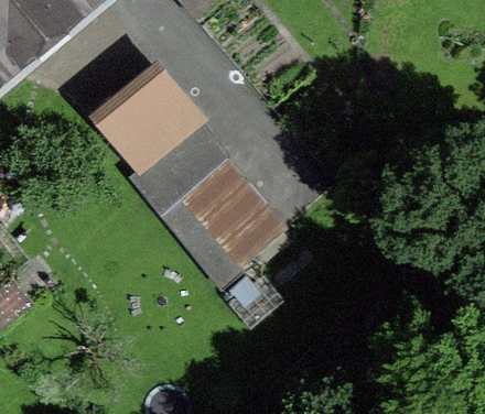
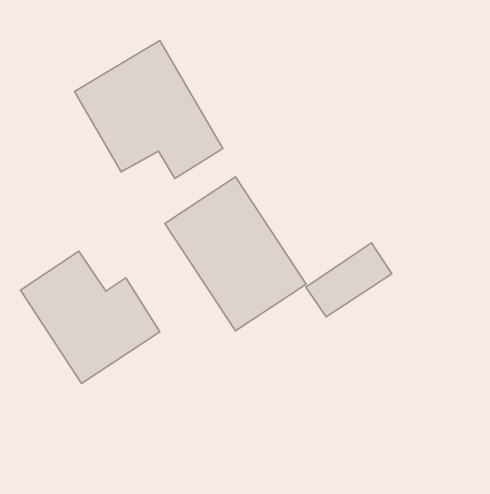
building: none -> [20,251,160,384]

